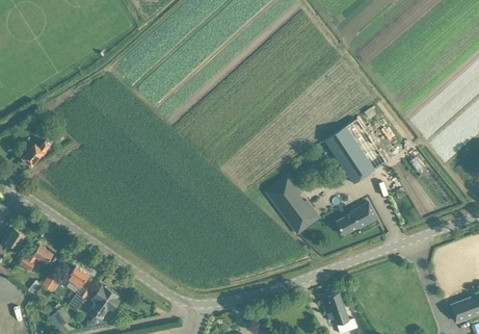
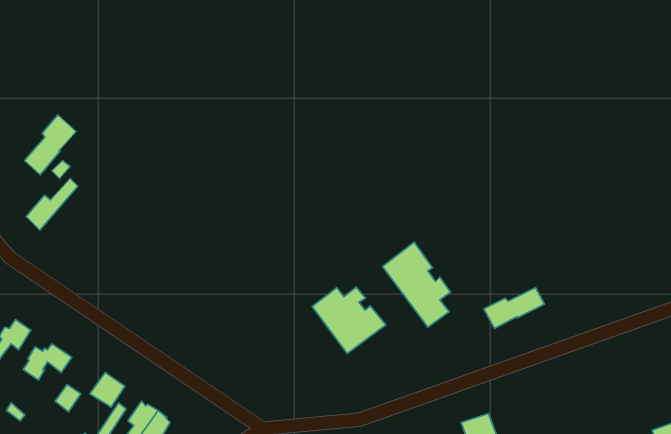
building: none -> [25,115,76,175]
building: [324,126,374,183] -> none
building: none -> [312,287,386,353]

